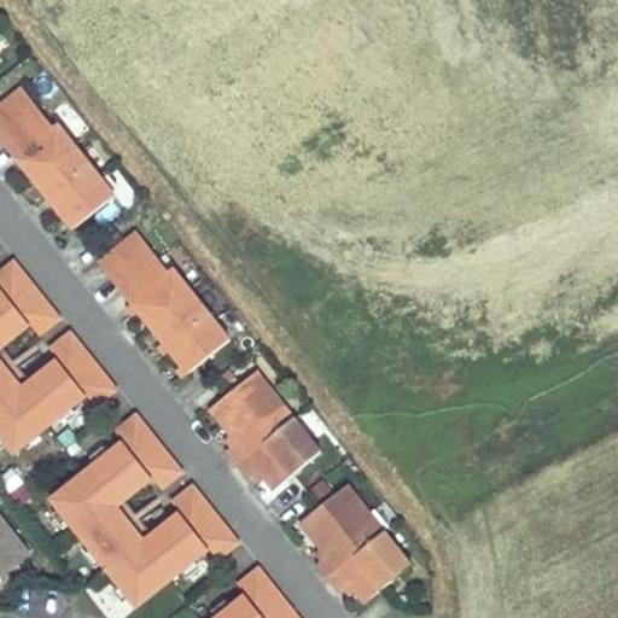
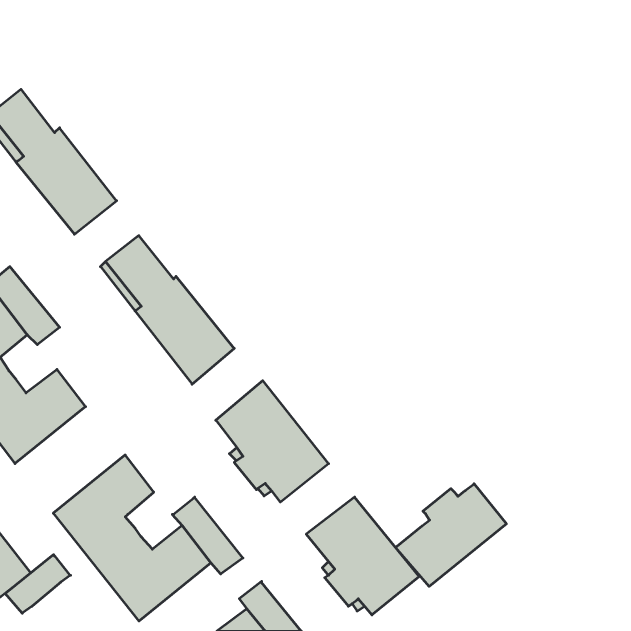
building: [46,331,115,407] -> none
building: [112,414,180,490] -> none
building: none -> [395,484,506,586]
building: none -> [5,555,71,613]

